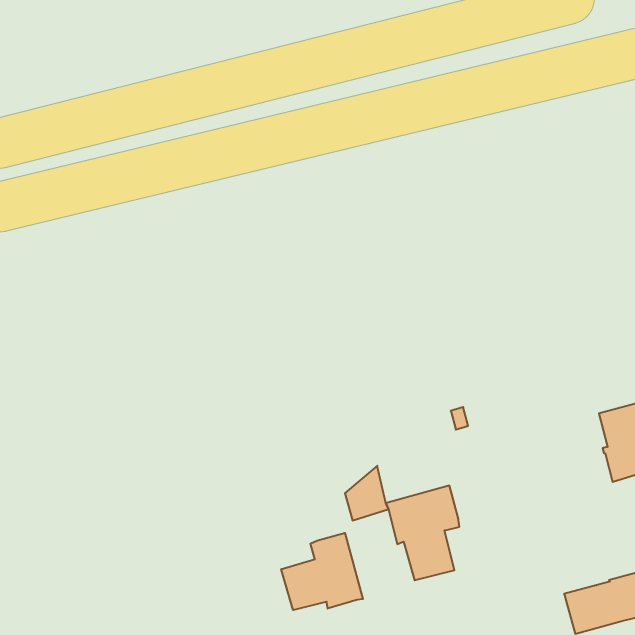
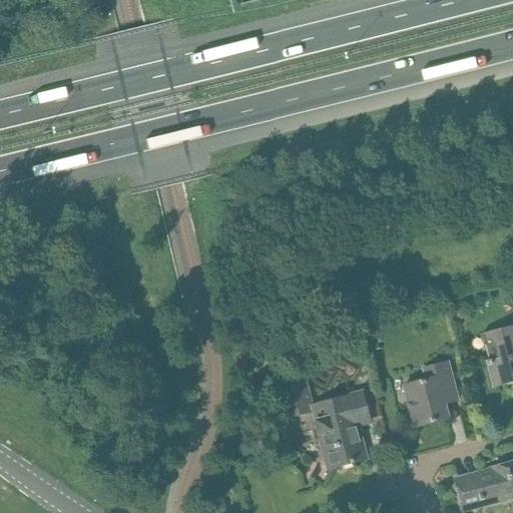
building: none -> [404,362,458,426]
building: [281,533,363,610] -> none

